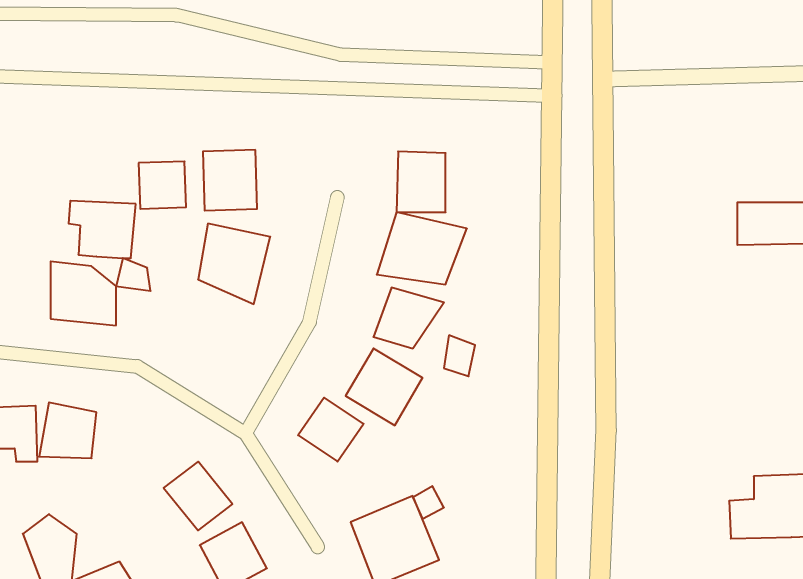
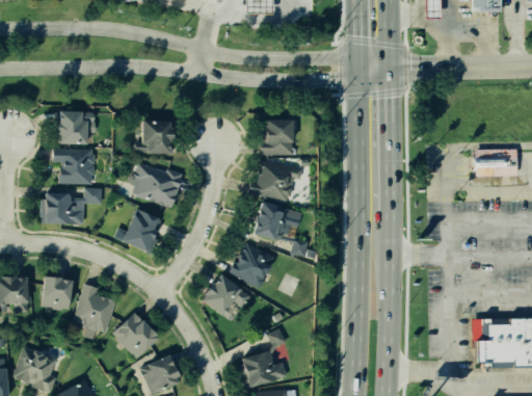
building: [139,161,186,209] -> [56,112,86,142]
building: none -> [122,205,161,256]
building: none -> [75,285,119,344]

